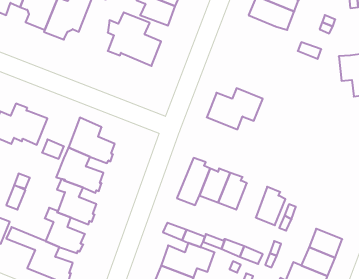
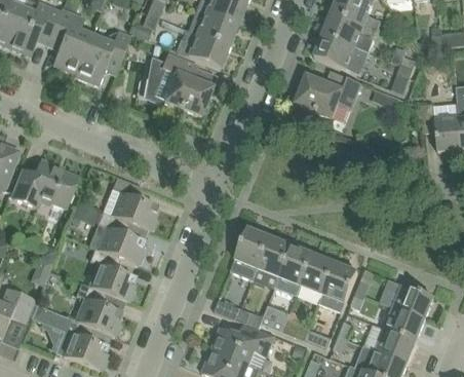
building: [207,88,263,129] -> [296,70,361,118]
building: none -> [300,253,336,294]
building: none -> [393,285,433,319]

